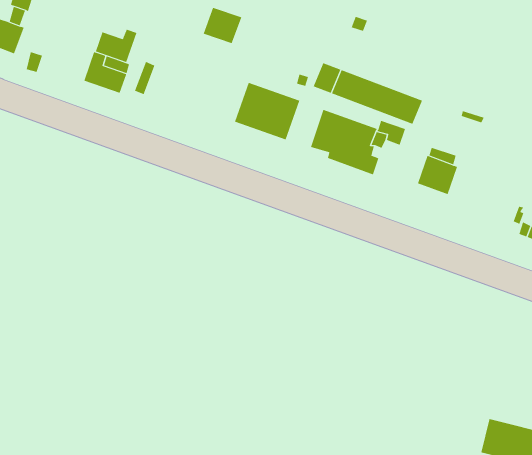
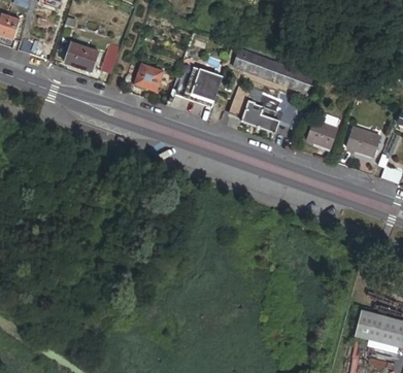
building: [203,7,242,44] -> [134,63,163,90]
building: [95,29,137,63] -> none
building: none -> [347,125,380,154]

